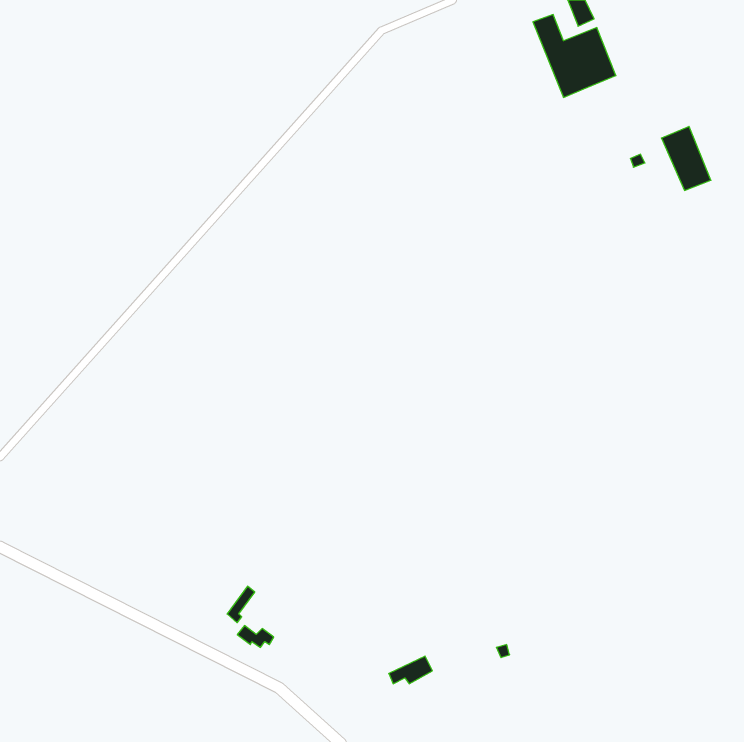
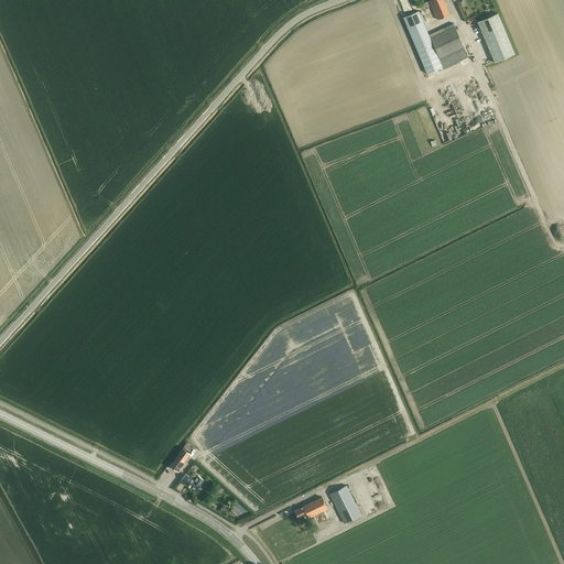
building: [661,126,711,190] -> [477,14,514,63]
building: none -> [329,487,360,523]

